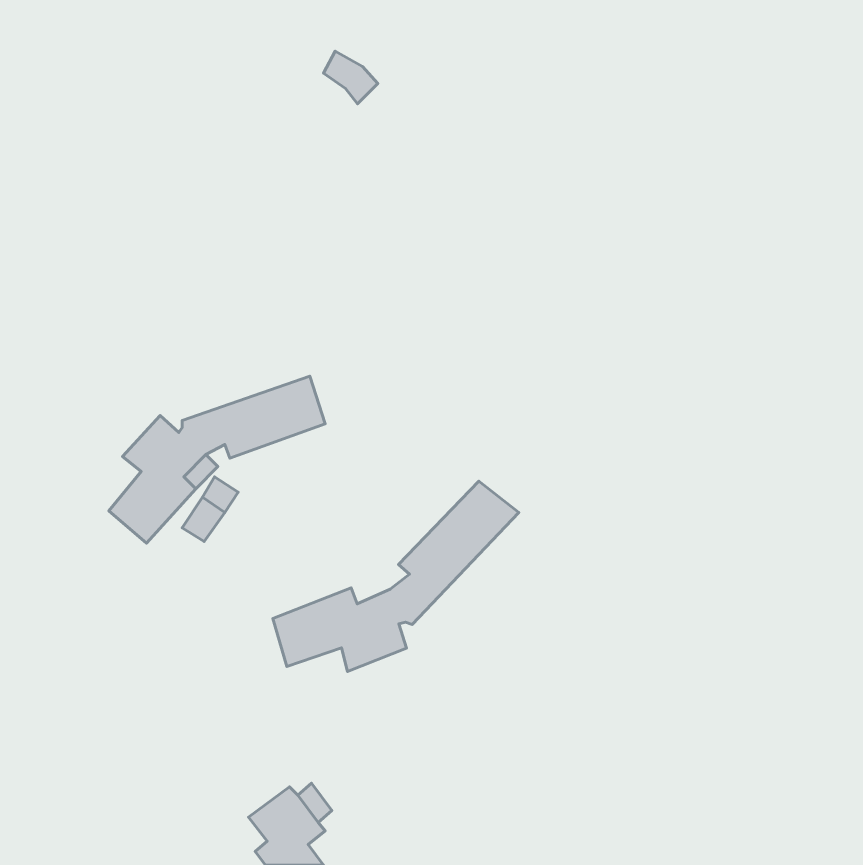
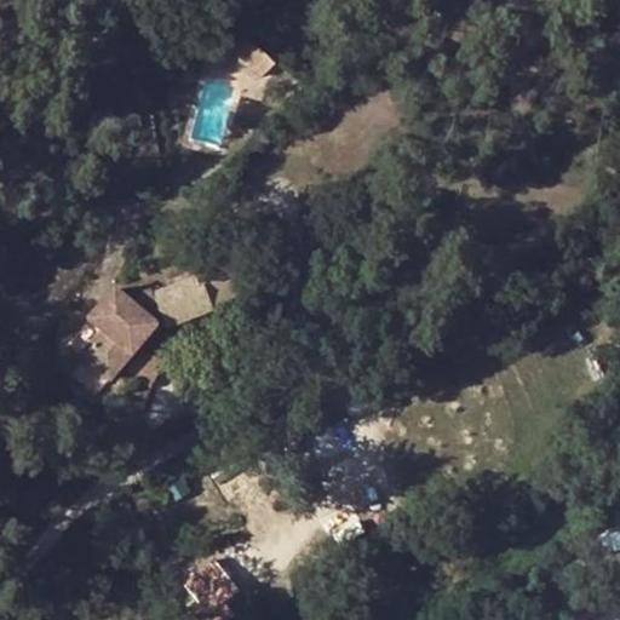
building: [273,481,519,672] -> none

